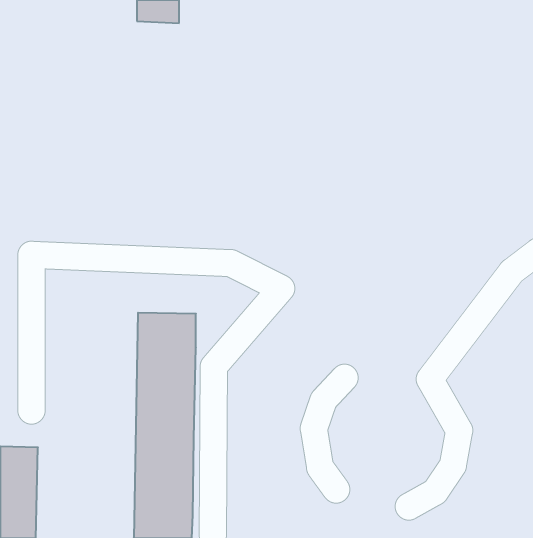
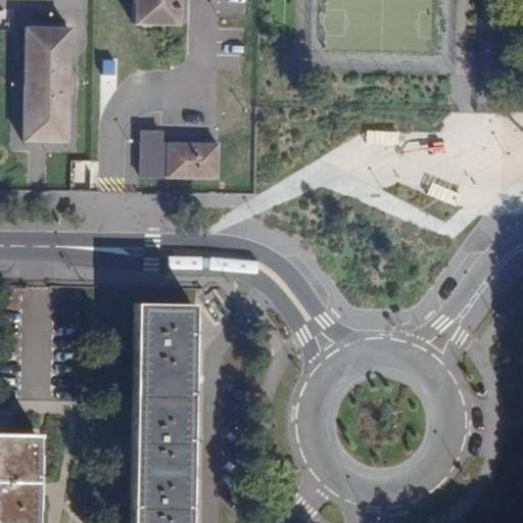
building: none -> [27,29,73,140]
building: none -> [145,132,221,177]

